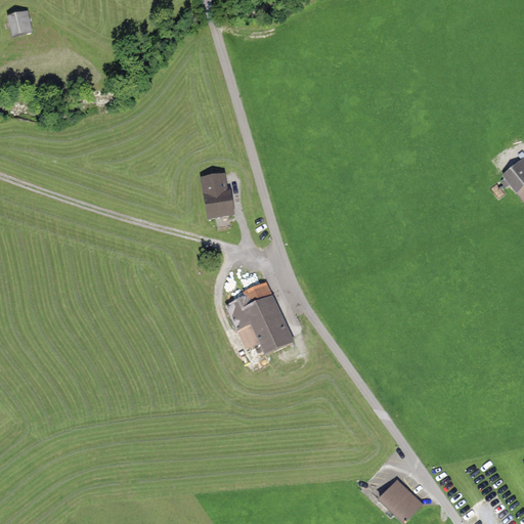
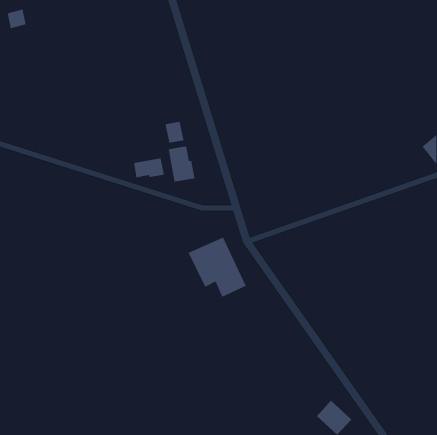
building: none -> [164,121,185,144]
building: none -> [133,158,165,178]

